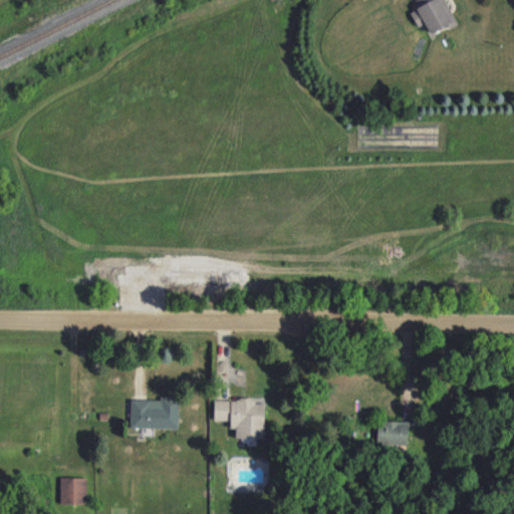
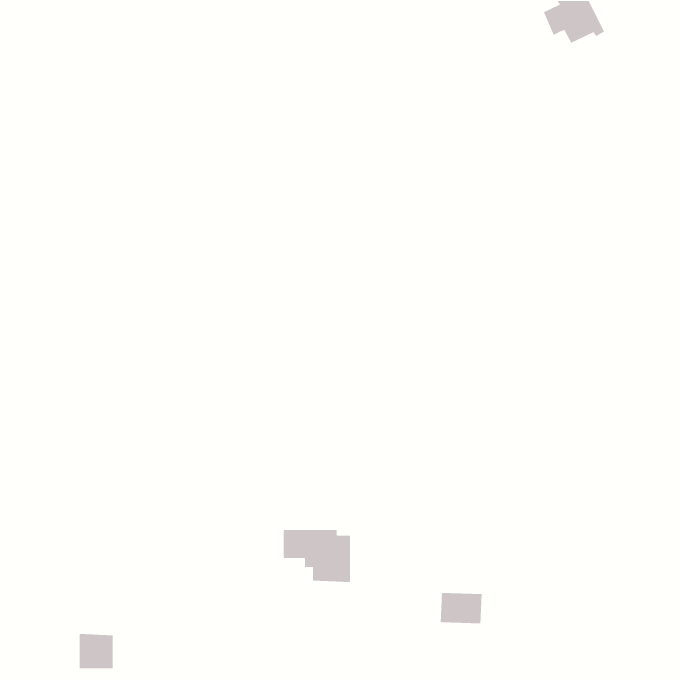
building: [130,399,179,429] -> none
building: [376,422,409,446] -> [440,592,482,624]

